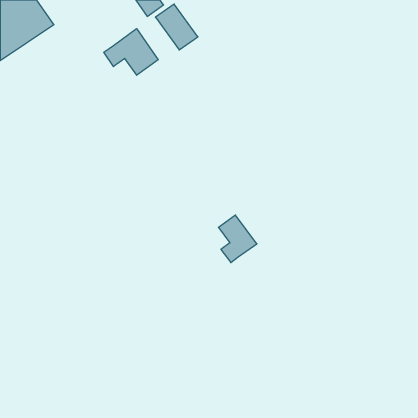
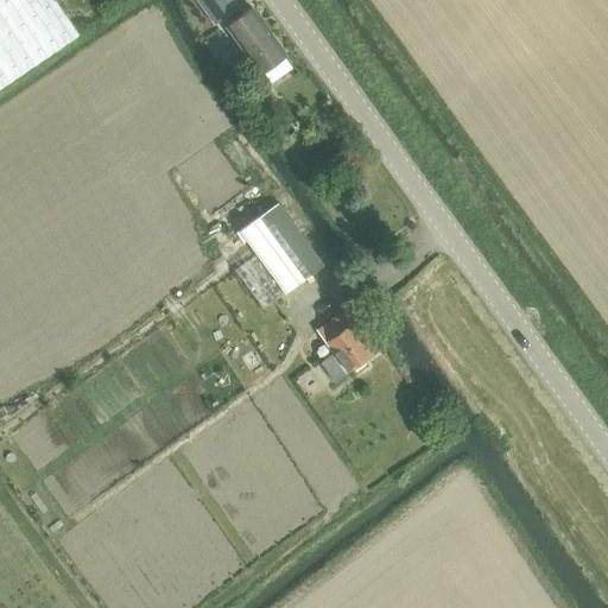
building: [104,29,158,75] -> none
building: none -> [236,203,323,292]

